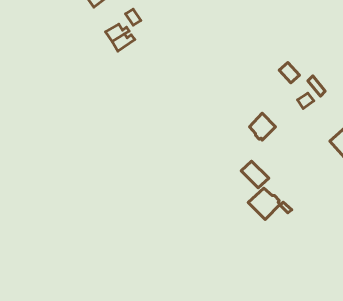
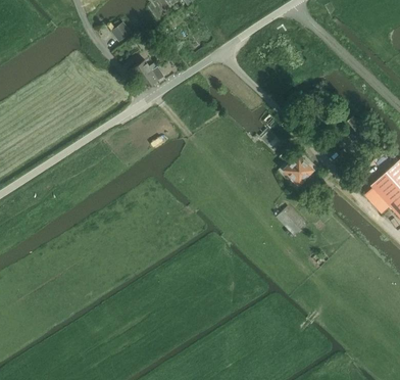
building: [248,188,281,219] -> none

